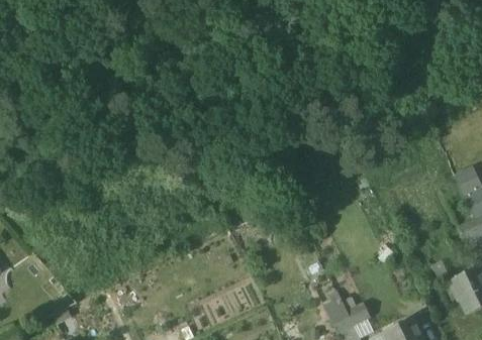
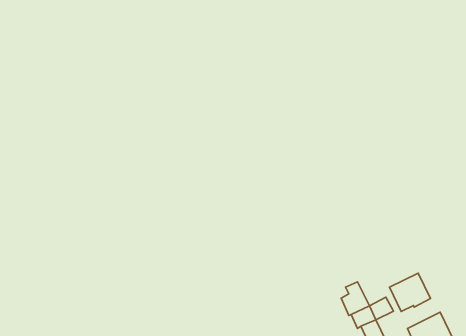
building: none -> [389,273,430,311]

